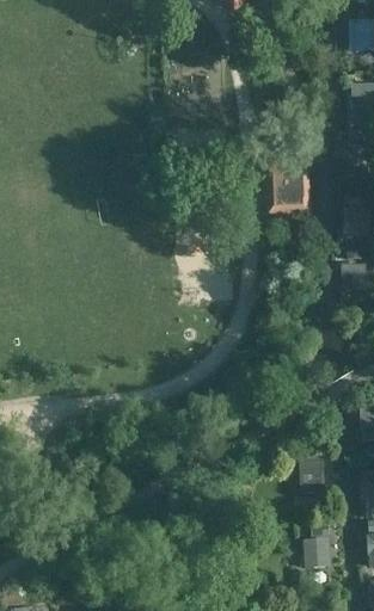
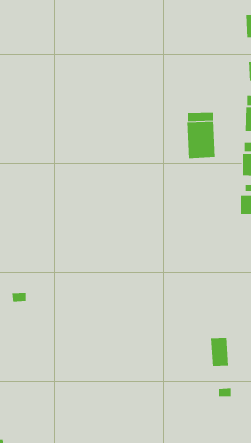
building: [302,538,331,568] -> none

